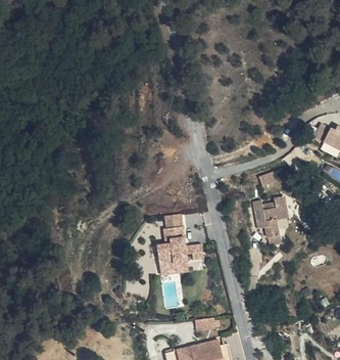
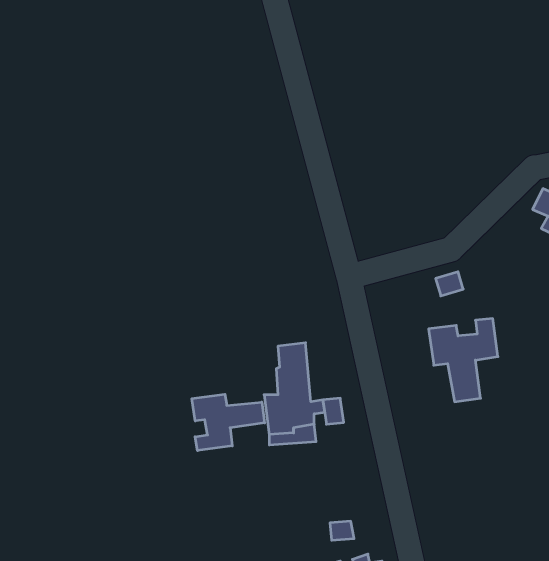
building: none -> [192,394,265,451]

